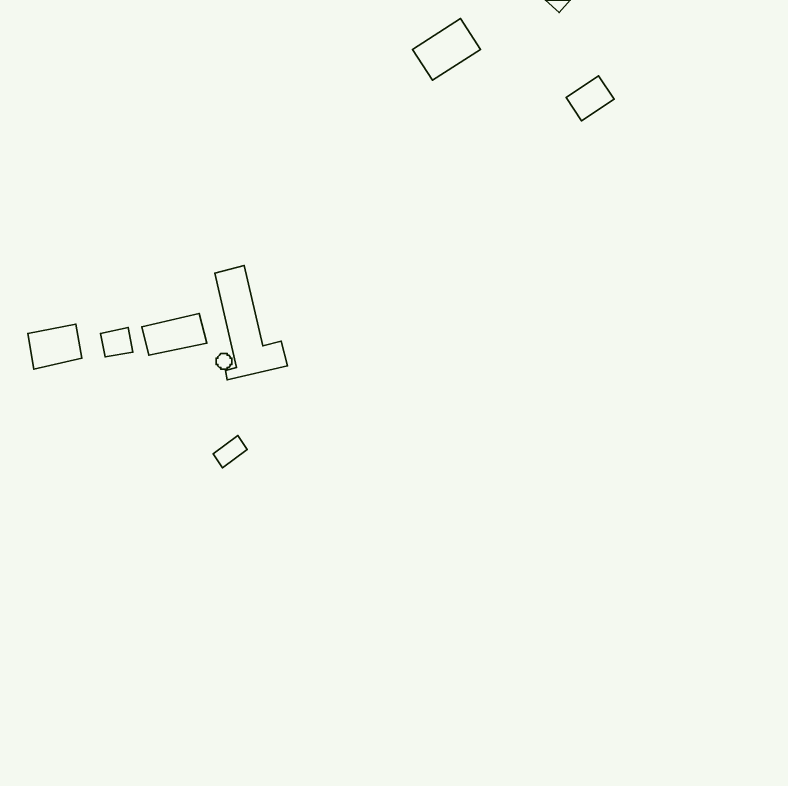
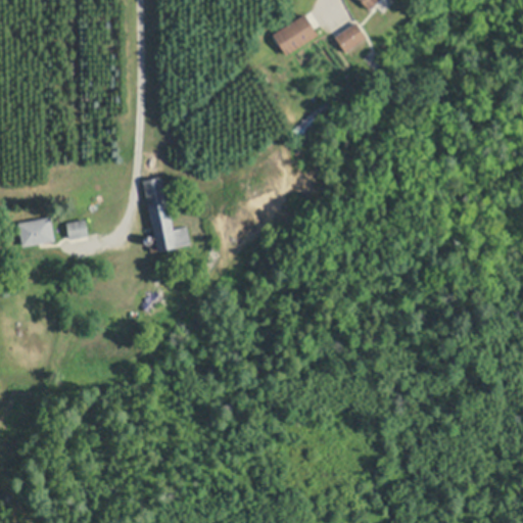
building: [566,76,614,121] -> [335,23,367,53]
building: [142,313,207,355] -> none

